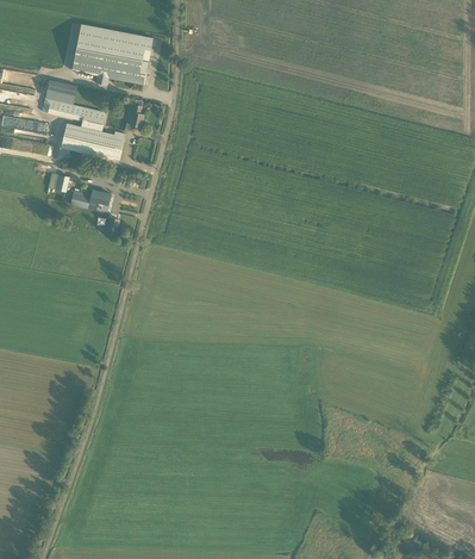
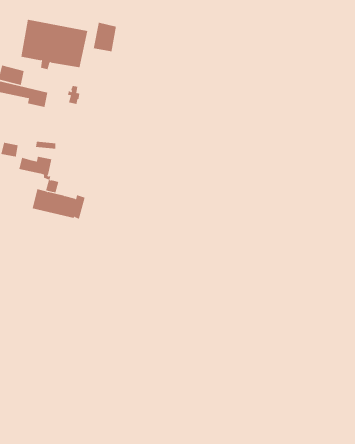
building: none -> [93,22,117,52]
building: [61,123,125,160] -> [32,189,85,219]

